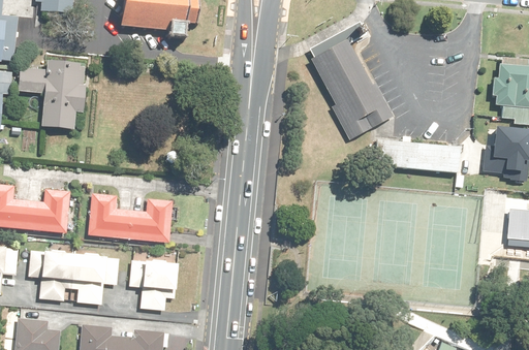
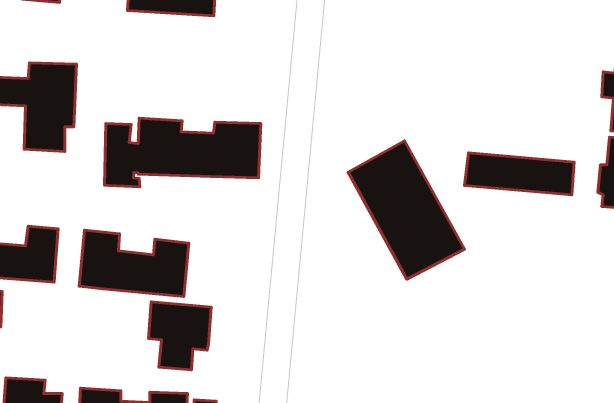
building: [305,27,397,136] -> [348,141,464,279]
building: none -> [104,118,261,187]
building: [30,245,122,301] -> none

